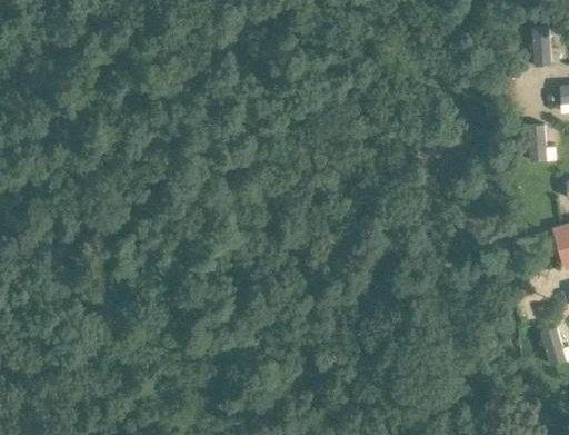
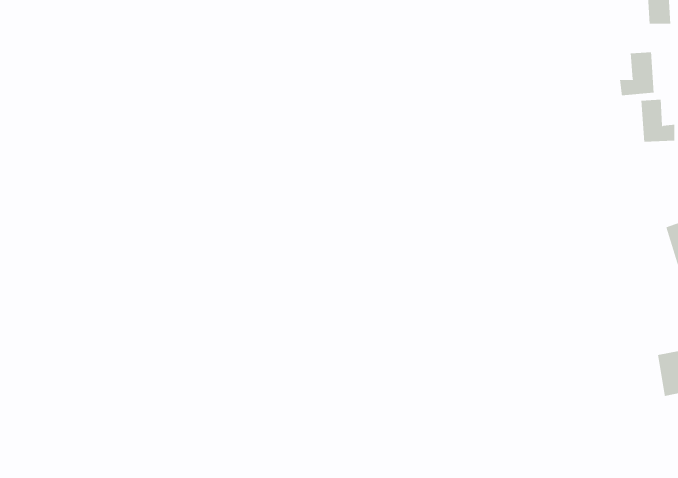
building: none -> [619,52,654,96]

